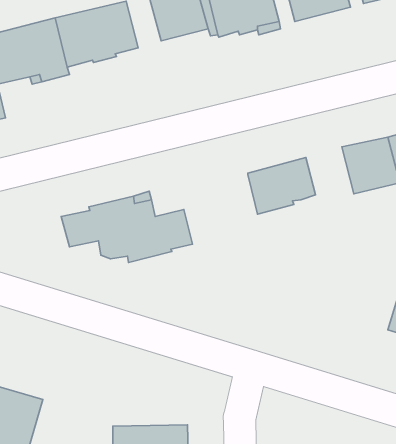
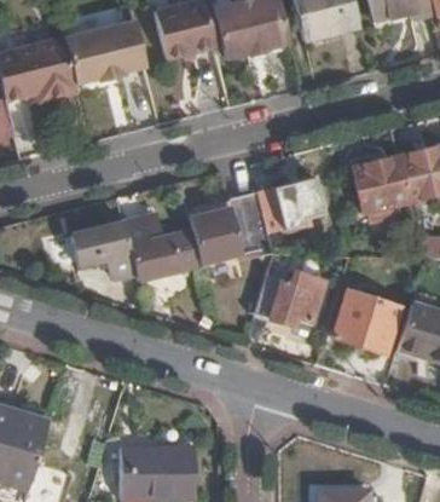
building: none -> [189,194,270,265]
building: none -> [254,255,324,331]
building: none -> [331,292,399,353]

